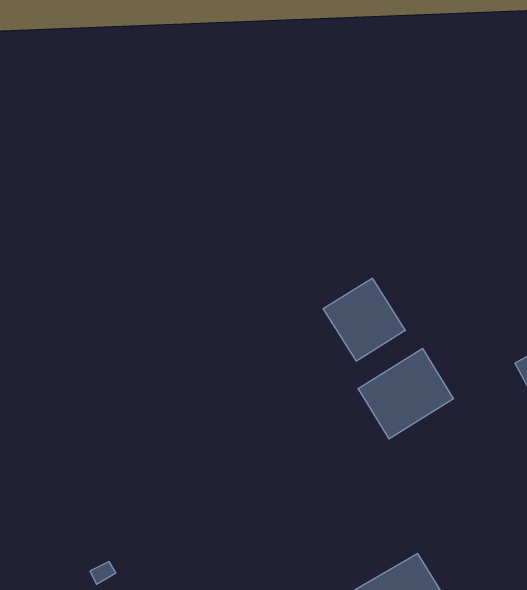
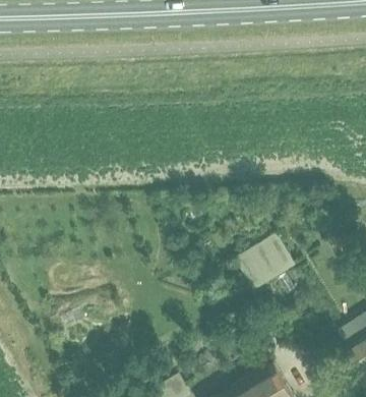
building: [323,278,405,361] -> none

